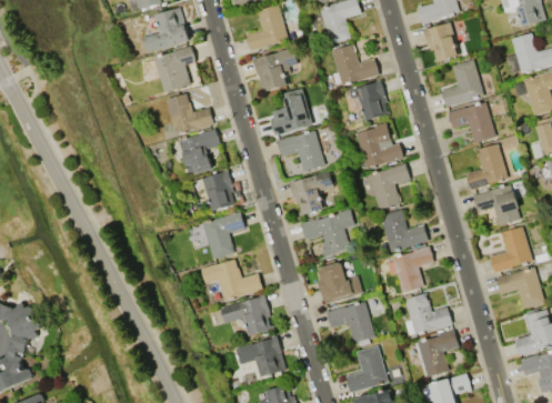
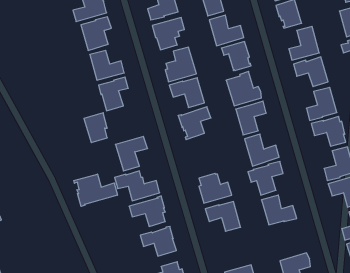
building: [201,171,233,212] -> [84,113,107,143]
building: [301,210,353,256] -> none
building: none -> [74,174,117,206]
building: [416,331,459,377] -> none
building: [345,345,388,393] -> none

